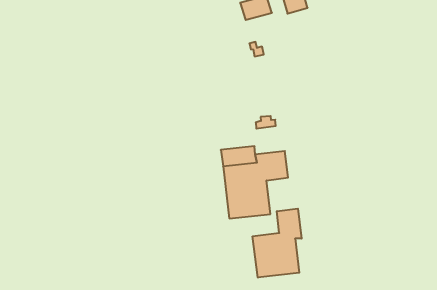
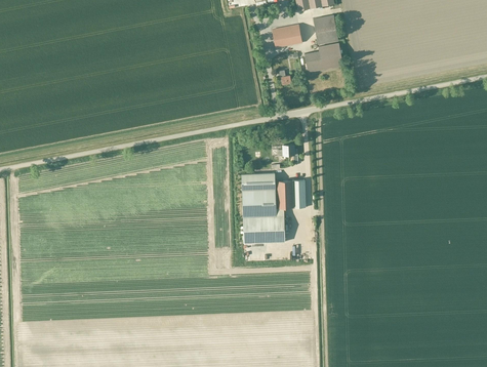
building: none -> [305,42,342,72]
building: [253,209,302,278] -> none

